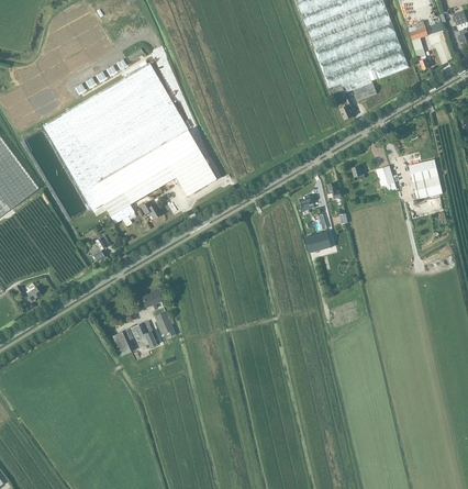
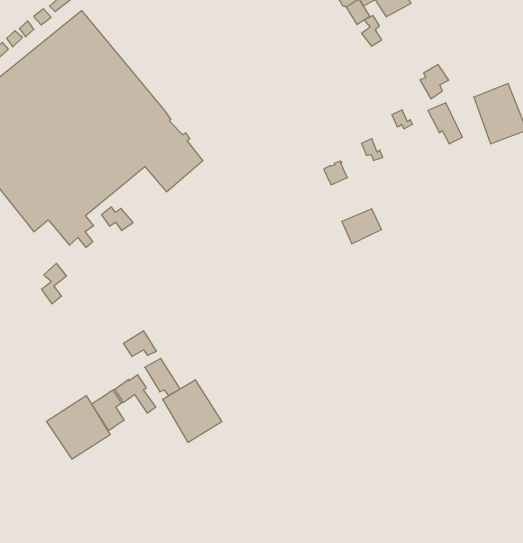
building: none -> [46,396,110,459]
building: none -> [163,380,222,442]

